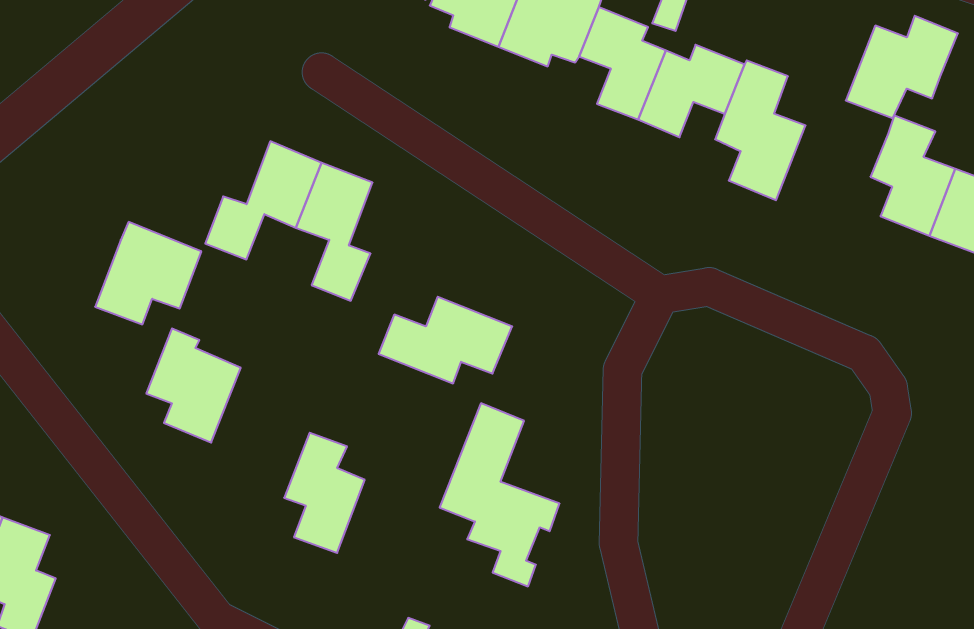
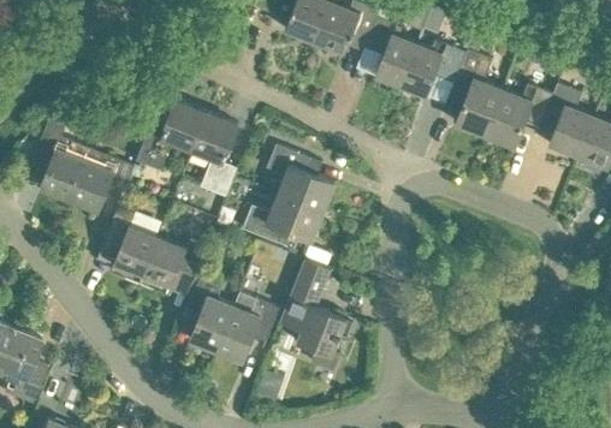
building: [846,16,958,118] -> [485,83,553,145]
building: none -> [30,119,84,200]
building: none -> [266,143,334,212]
building: none -> [140,237,204,296]
building: none -> [216,298,279,361]

